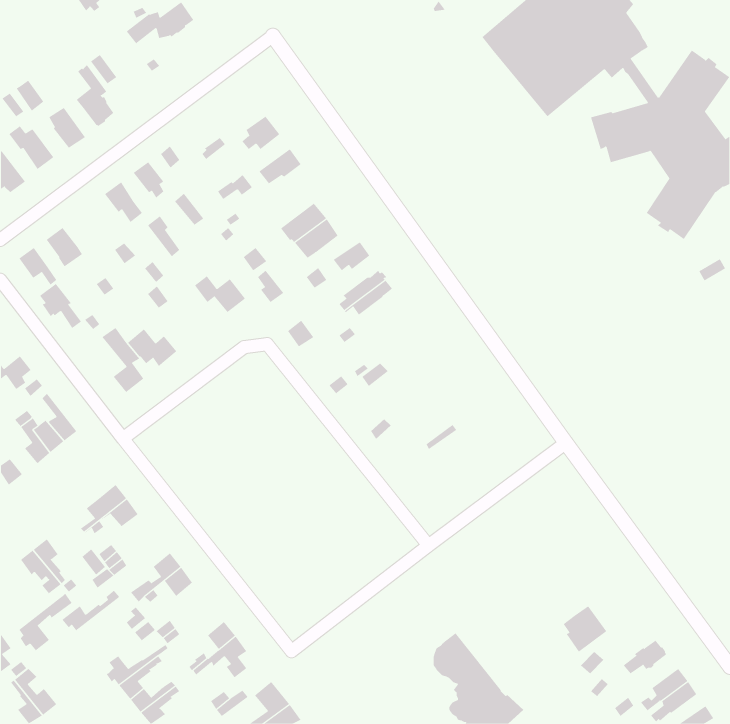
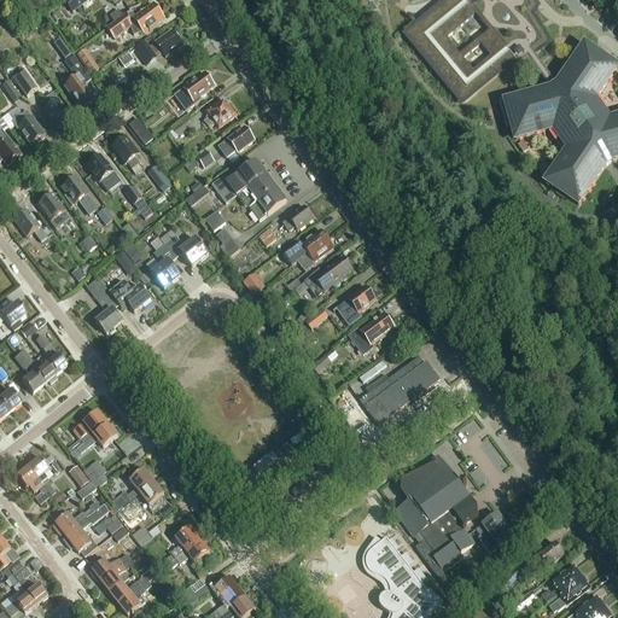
building: none -> [136,29,183,62]
building: none -> [174,71,215,110]
building: none -> [211,158,266,202]
building: [39,283,82,329] -> [62,175,98,214]
building: none -> [151,241,180,287]
building: none -> [304,256,351,293]
building: none -> [336,285,374,323]
building: none -> [348,311,392,355]
building: none -> [360,355,441,424]
building: none -> [395,454,474,577]
building: [18,593,73,651] -> [64,502,110,552]

